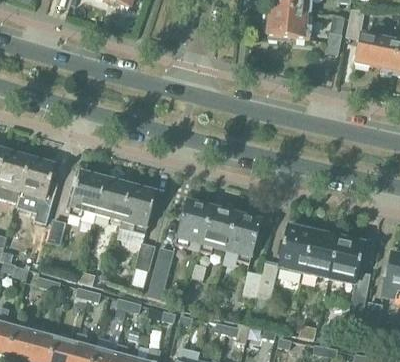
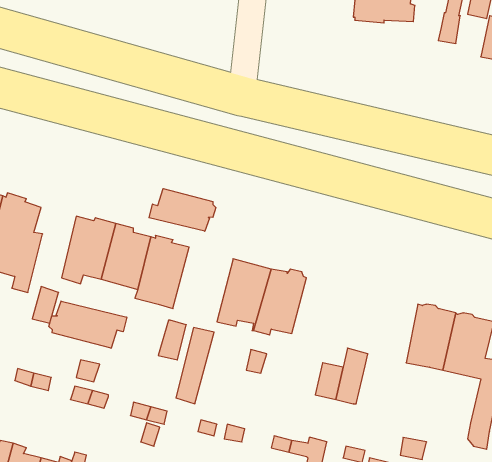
building: none -> [149,189,216,231]
building: [226,213,260,262] -> none
building: [278,225,312,271] -> none
building: none -> [49,301,127,348]

